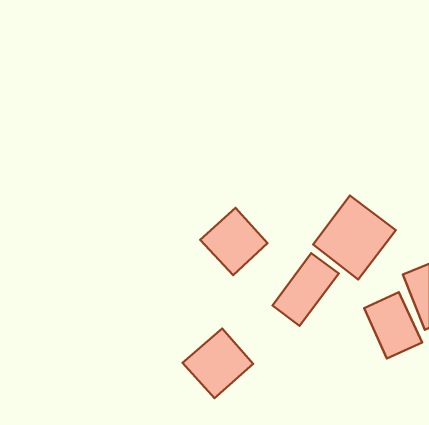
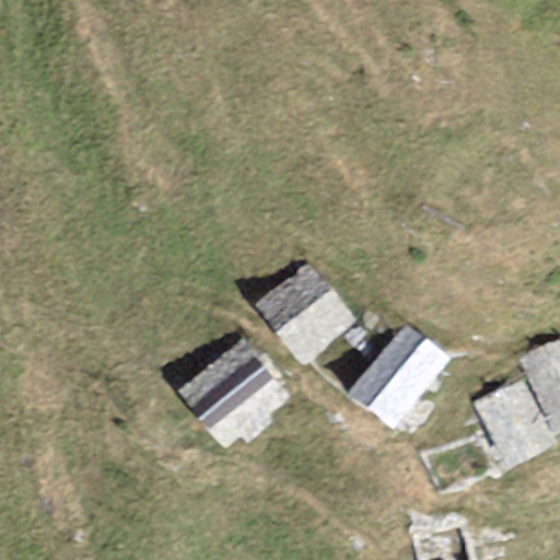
building: [313,196,396,279] -> none
building: [183,328,253,398] -> [187,346,279,436]

